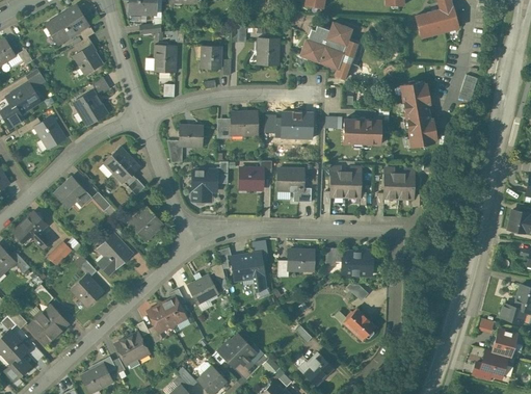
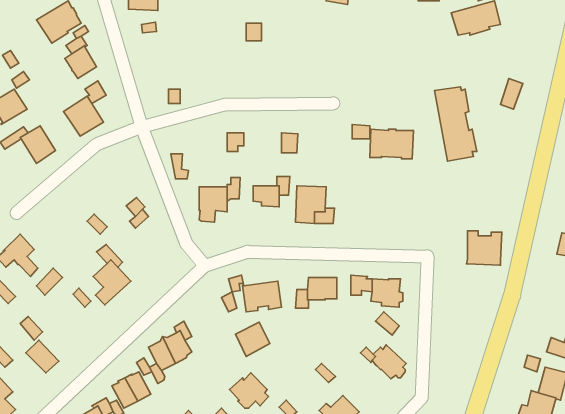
building: [300,21,357,69] -> none
building: [257,37,280,64] -> none
building: [154,45,177,72] -> none
building: [202,46,221,69] -> none
building: [283,111,315,132] -> none
building: [232,112,258,134] -> none
building: [180,126,203,146] -> none
building: [104,147,139,183] -> none
building: [330,166,361,196] -> none
building: [383,168,415,199] -> [466,231,502,265]
building: [54,177,92,208] -> none
building: [130,207,162,239] -> none
building: [188,274,218,305] -> [236,322,270,356]
building: [73,277,103,306] -> none
building: [28,316,57,344] -> none

